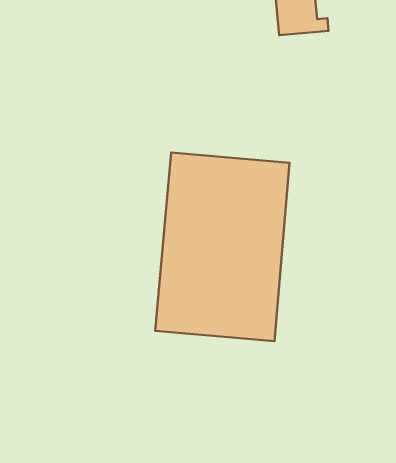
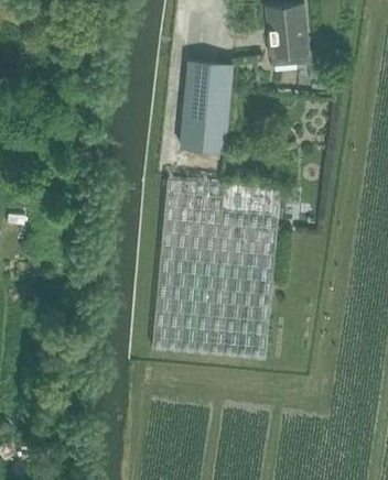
building: none -> [180,59,233,151]

